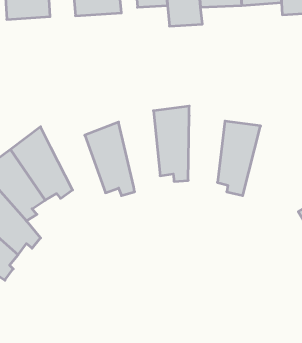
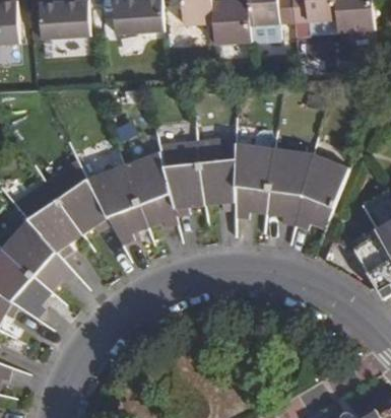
building: none -> [157,137,204,219]
building: none -> [235,142,274,220]
building: none -> [294,153,349,231]
building: none -> [86,163,145,245]

